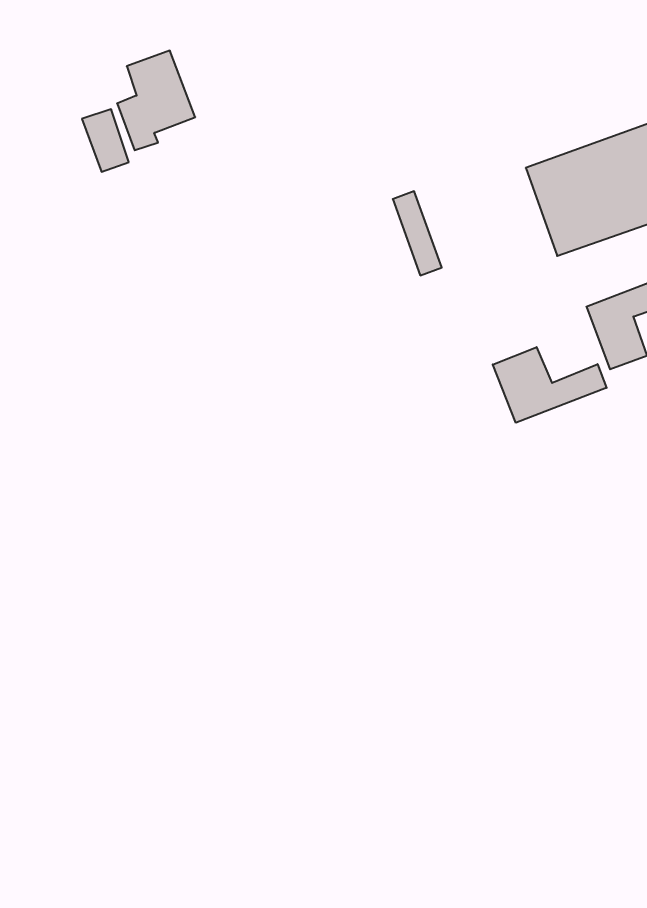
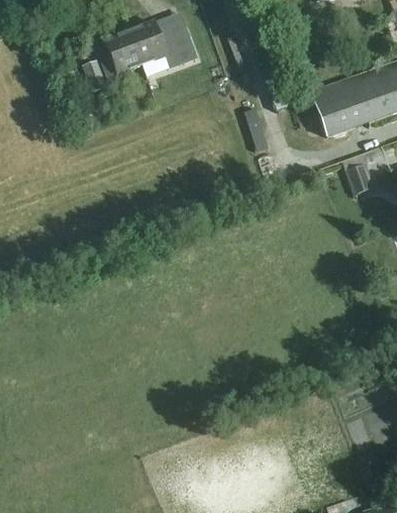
building: none -> [127,20,203,65]
building: [493,347,607,423] -> none

